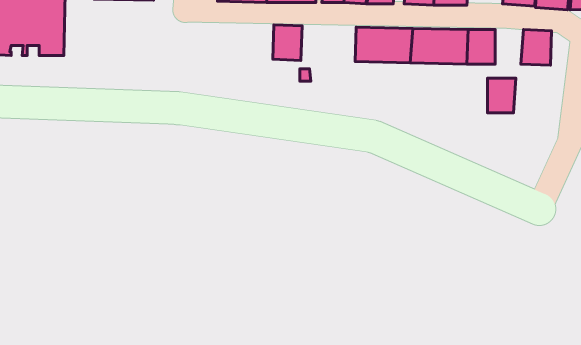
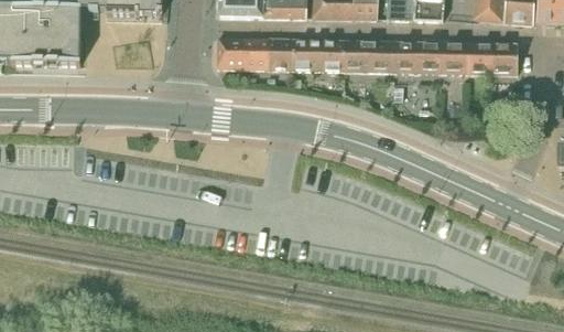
building: none -> [217,36,269,67]
building: none -> [293,38,343,69]
building: [488,78,516,113] -> [467,41,492,72]

